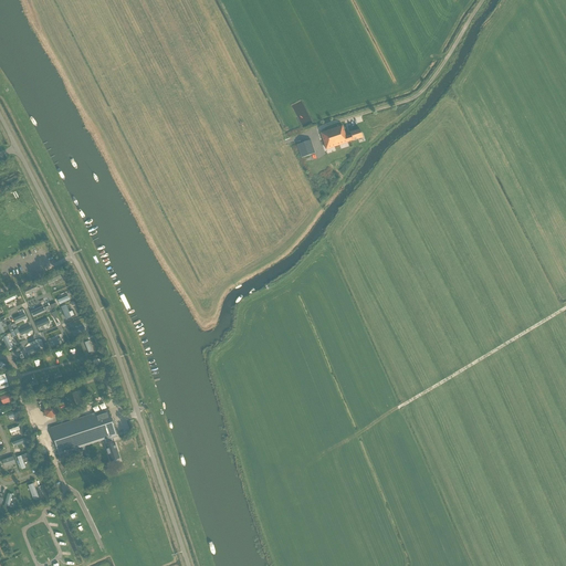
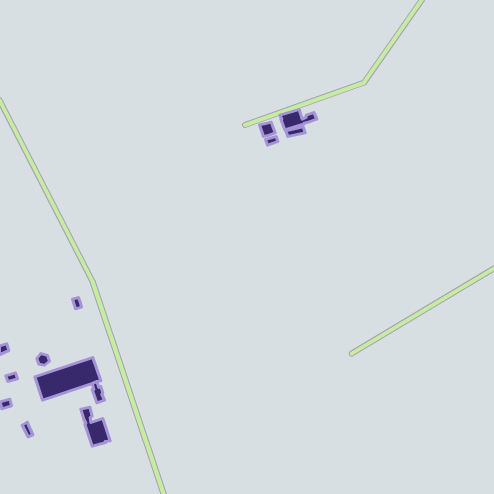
building: none -> [81,407,110,446]

